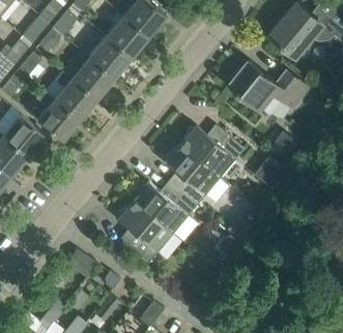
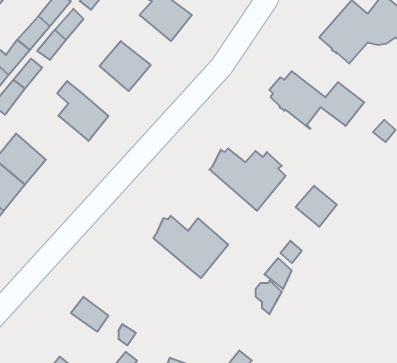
building: [107,17,148,57] -> none
building: [73,58,113,99] -> none
building: [36,89,80,141] -> none
building: [165,144,220,206] -> none
building: [118,201,165,263] -> none

